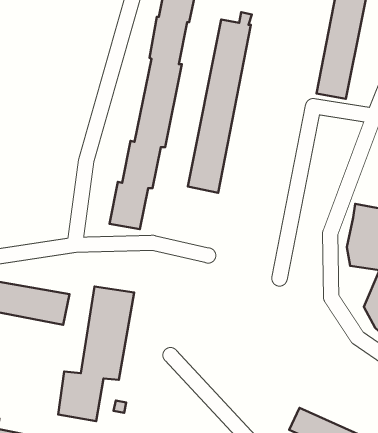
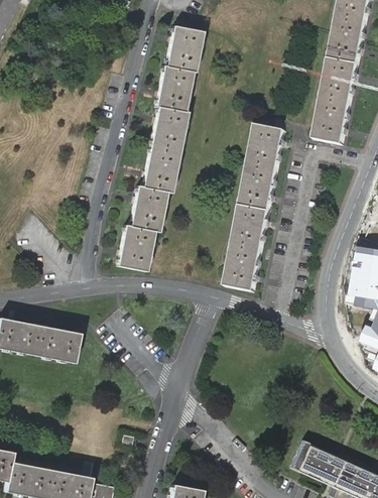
building: [188,12,252,193] -> [225,118,286,291]
building: [58,287,134,421] -> none

